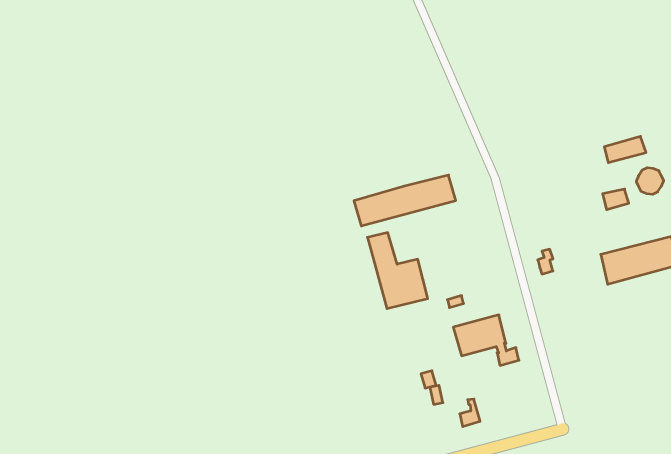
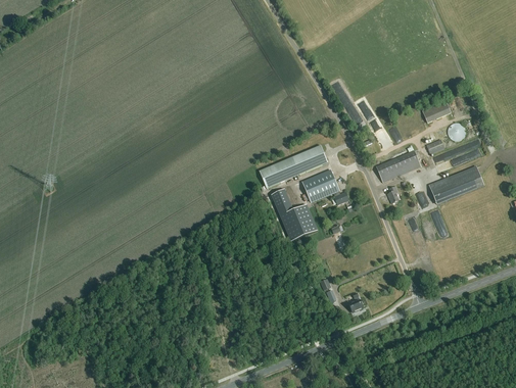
building: none -> [375,149,420,182]
building: [453,315,519,365] -> [301,171,348,204]

